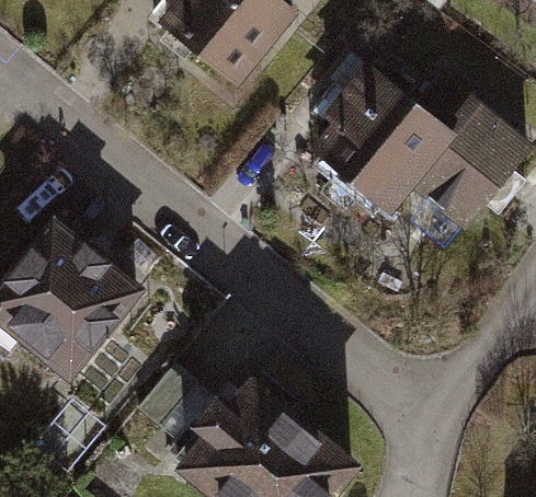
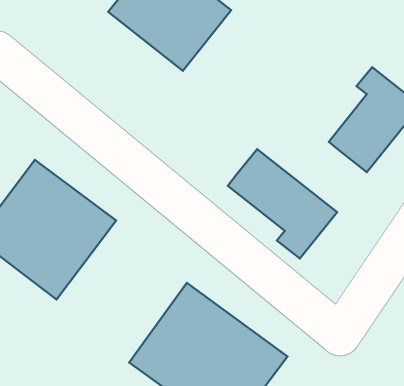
building: [309,56,466,209] -> none
building: none -> [228,149,337,258]

